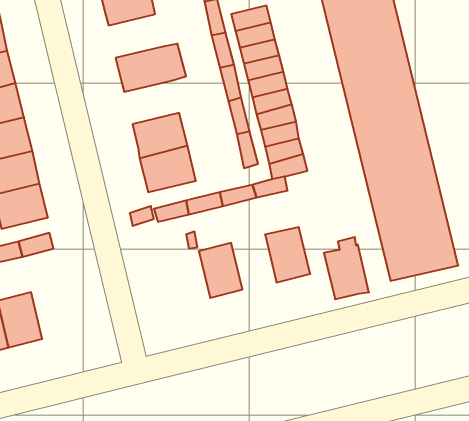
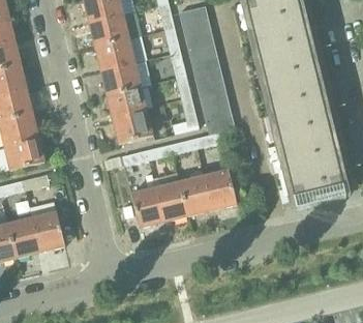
building: none -> [89,12,129,45]
building: none -> [100,61,141,93]
building: [324,237,369,299] -> [179,169,212,214]
building: none -> [130,186,163,227]
building: none -> [29,200,65,251]

